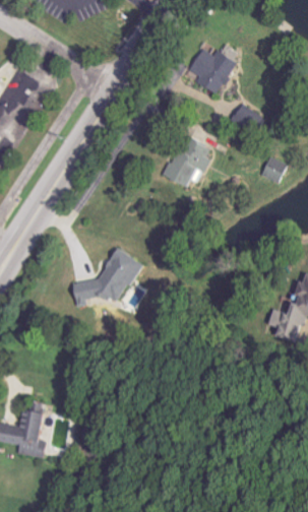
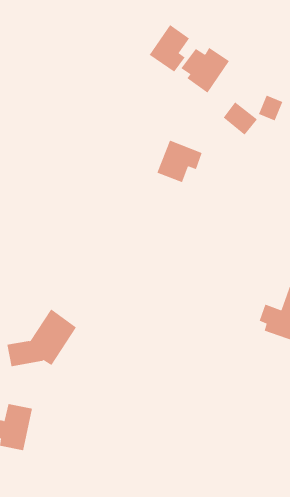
building: none -> [149,24,190,73]
building: [261,156,287,183] -> [258,95,283,121]
building: [65,246,136,305] -> [7,308,77,367]

